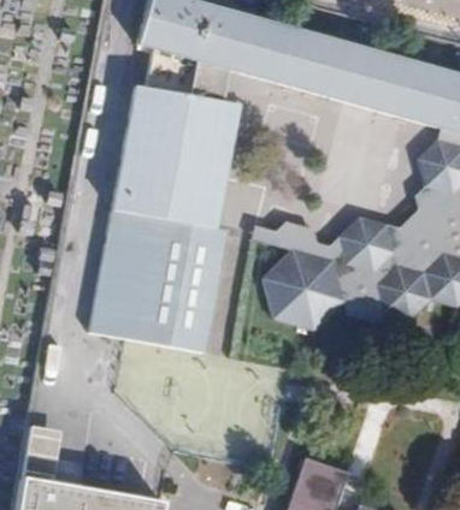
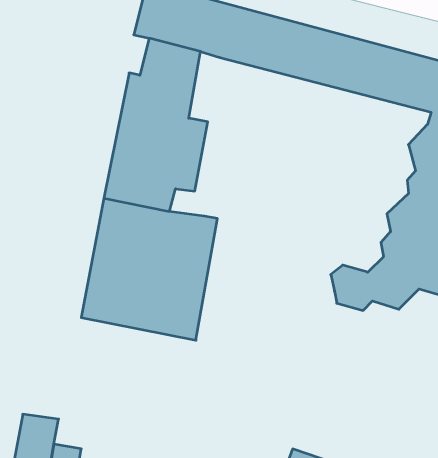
building: [179,61,238,227] -> none
building: [256,213,402,334] -> none

